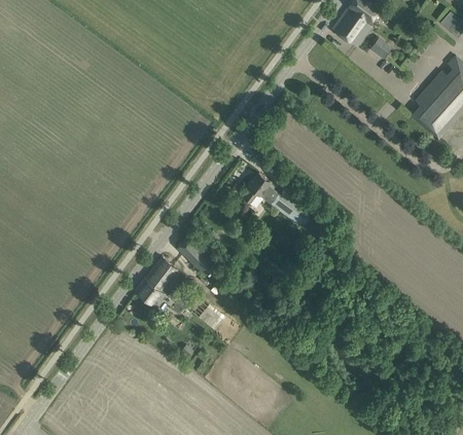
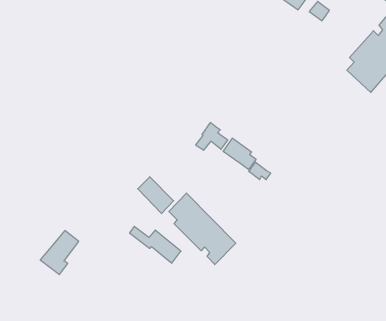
building: none -> [169,193,236,265]
building: [135,258,178,307] -> [40,231,79,275]

